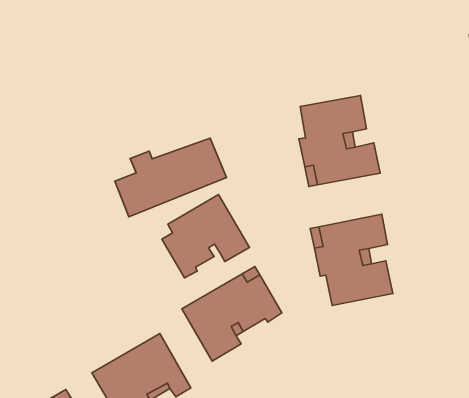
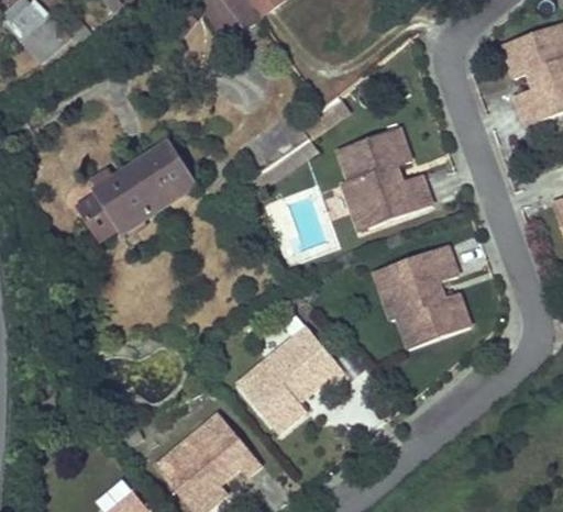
building: [115,138,227,217] -> [78,145,195,242]
building: [162,195,250,278] -> none

